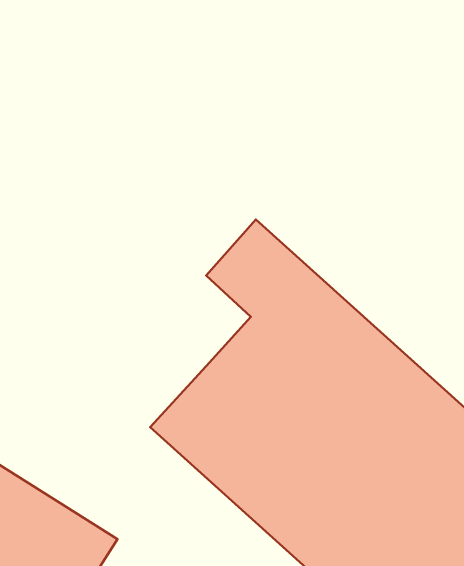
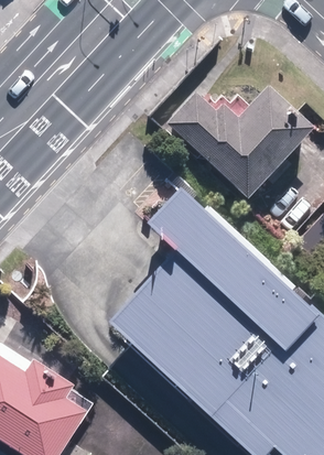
building: none -> [165,85,310,199]

